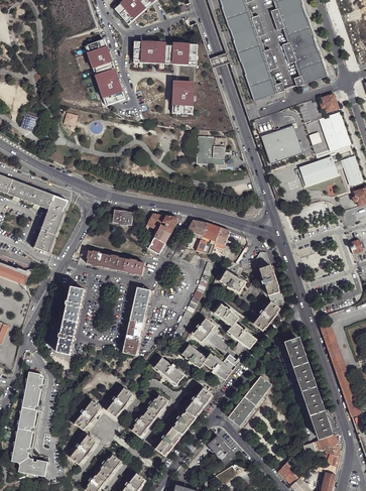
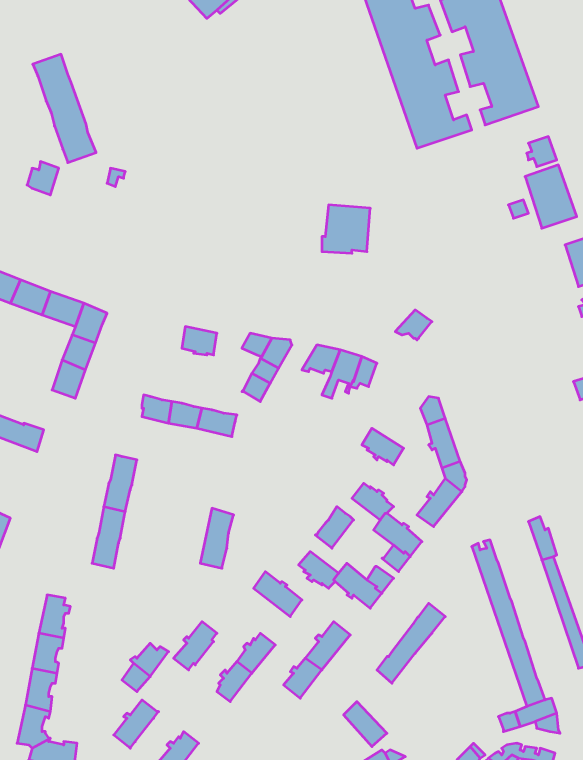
building: [87,39,125,105] -> [33,54,96,163]
building: [133,41,198,63] -> none
building: [174,81,193,114] -> none
building: [258,125,300,163] -> none
building: [298,155,337,185] -> none
building: [129,286,150,323] -> none
building: [155,425,182,456] -> none

